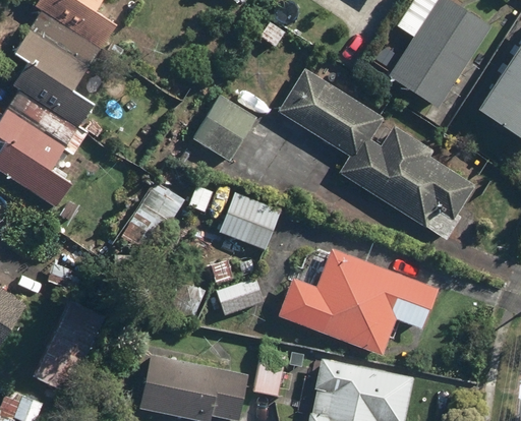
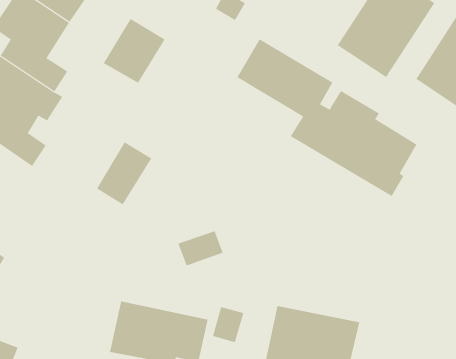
building: [190,92,258,163] -> [103,18,166,84]
building: [217,188,283,253] -> none
building: [280,248,436,356] -> none
building: [38,300,106,388] -> none

